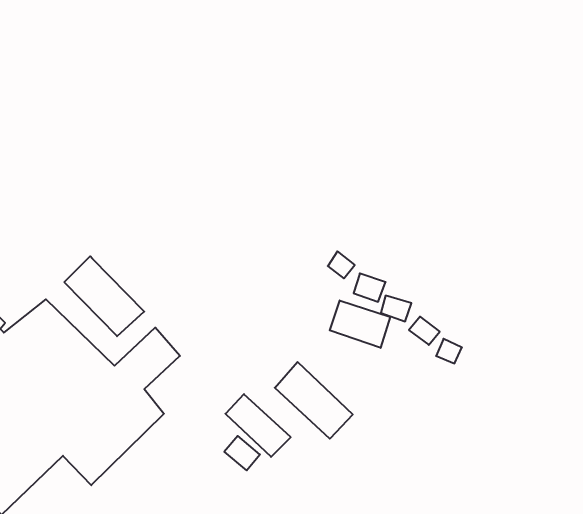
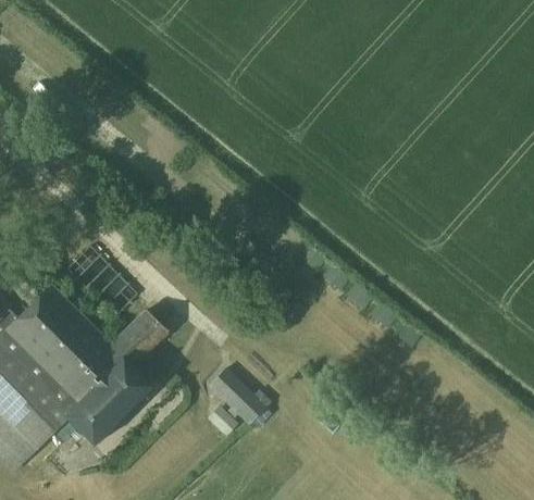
building: [330,300,390,348] -> none
building: [275,362,353,439] -> none

